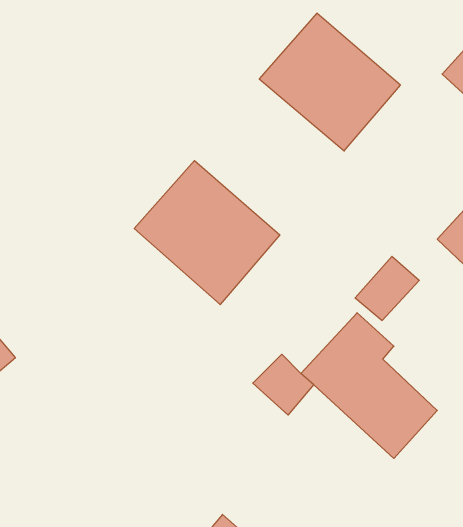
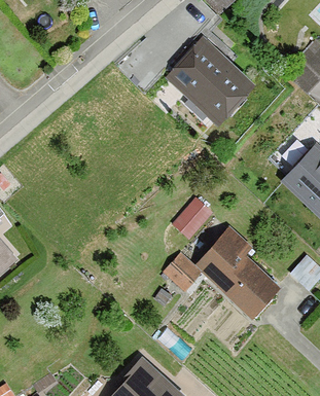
building: [134,161,280,305] -> none
building: [355,256,419,320] -> [173,200,214,241]

